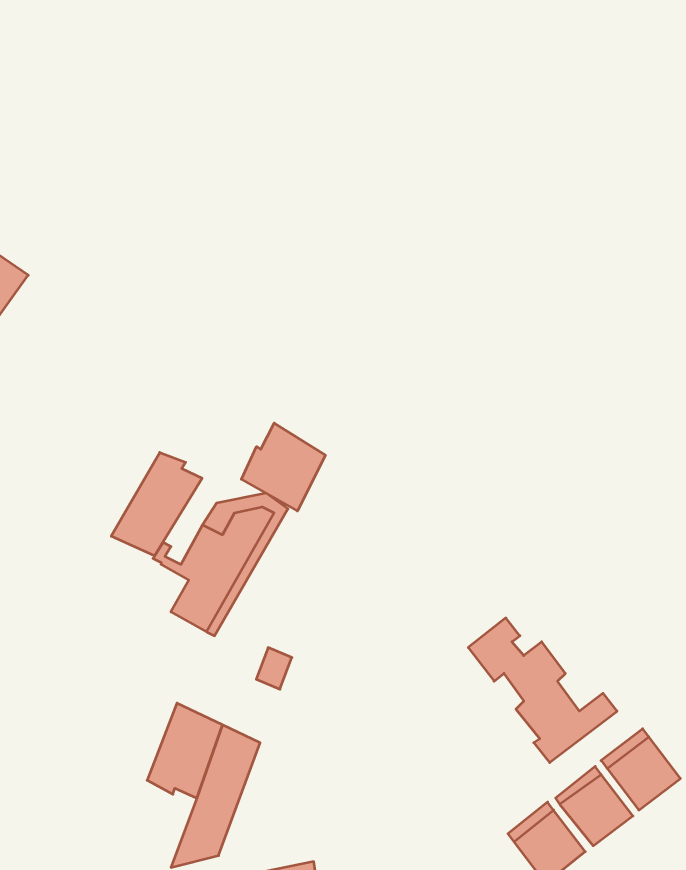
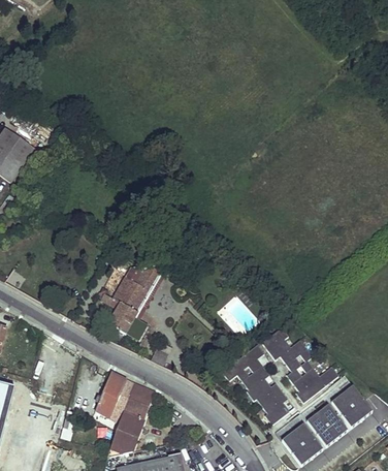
building: [241,423,325,511] -> none
building: [111,452,202,556] -> none
building: none -> [222,344,289,423]

